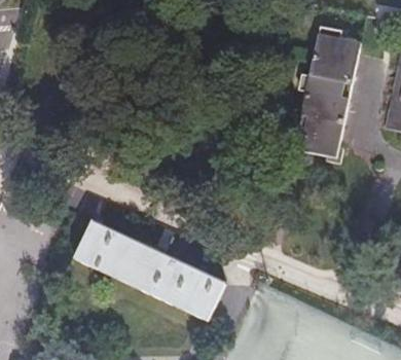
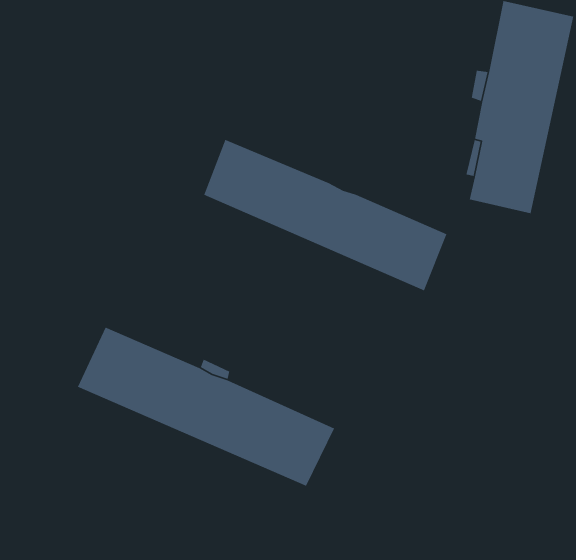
building: none -> [203,139,447,291]

